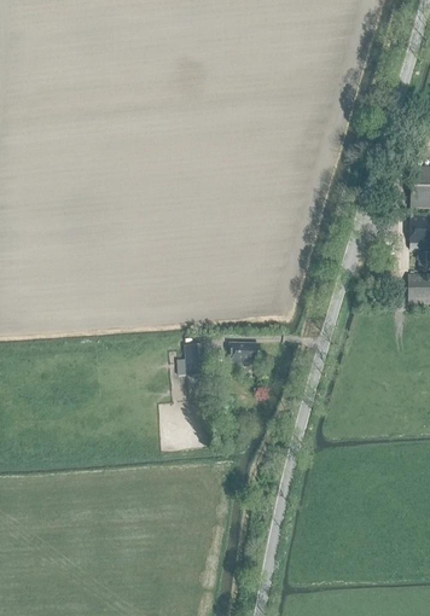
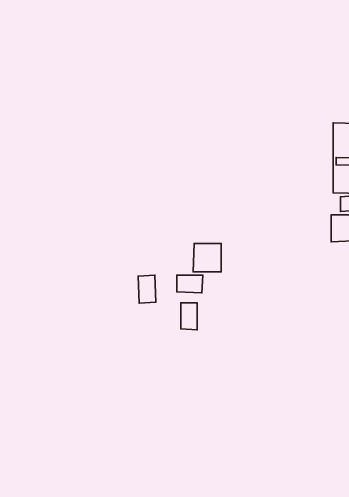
building: none -> [193,244,221,272]
building: none -> [181,303,197,330]

